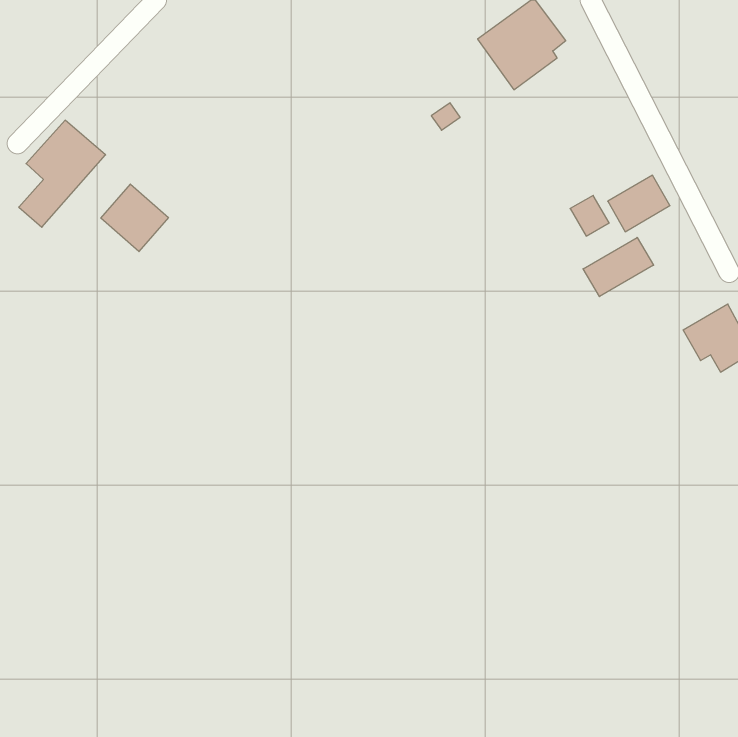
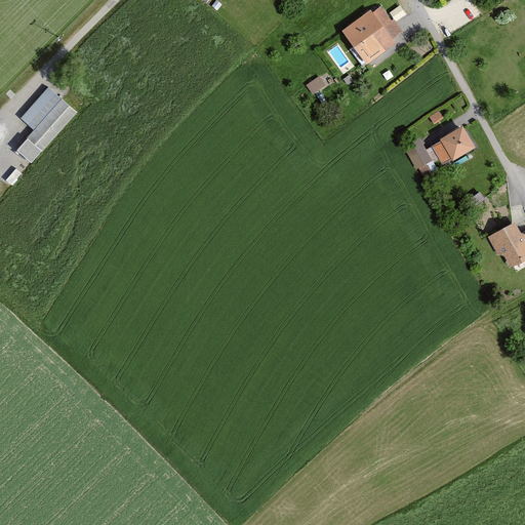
building: [101,184,168,252] -> none
building: [583,237,654,297] -> none

